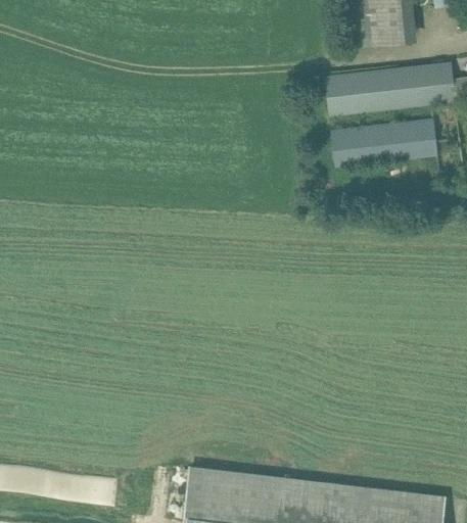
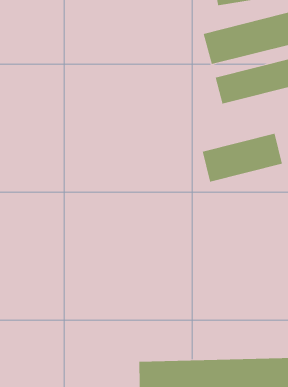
building: none -> [202,133,283,183]

